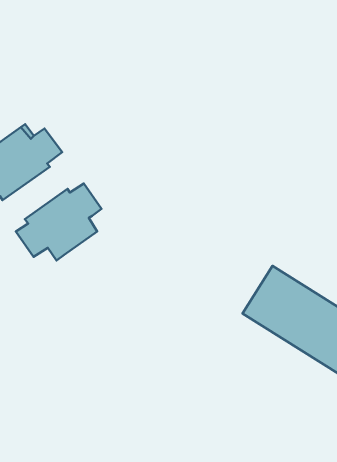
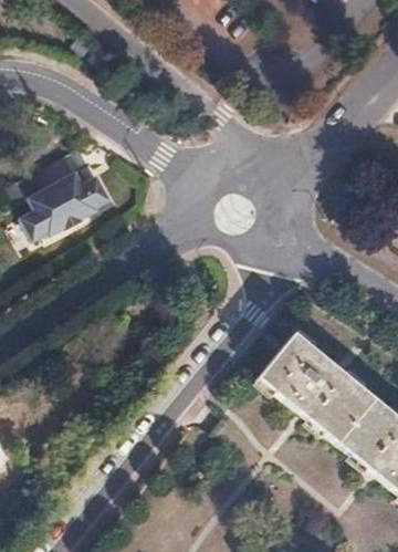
building: [16,183,102,260] -> none

